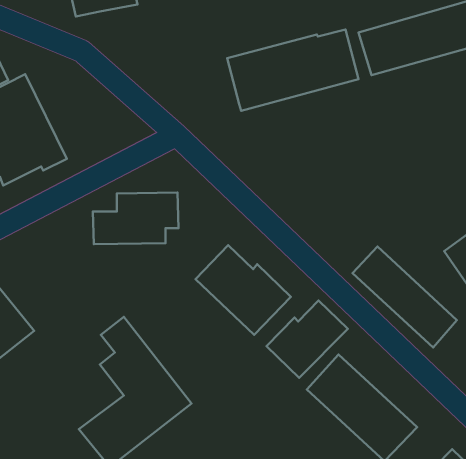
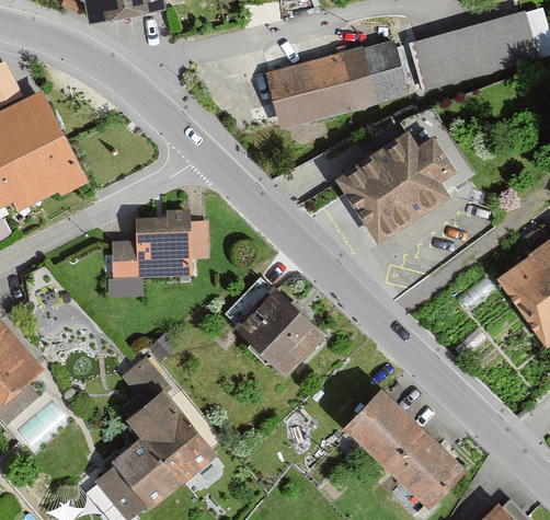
building: none -> [331,131,454,245]
building: [353,247,457,347] -> none
building: [267,301,348,378] -> none

